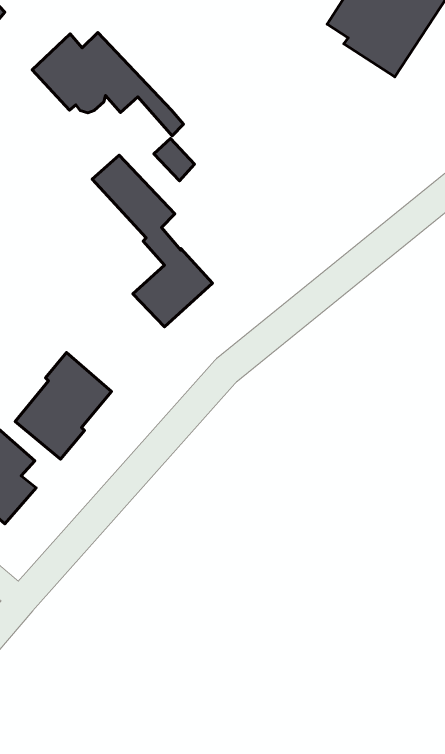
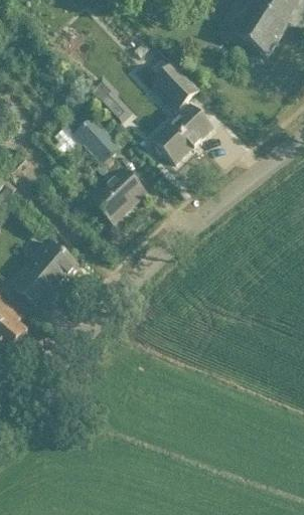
building: [32,32,183,136] -> none
building: none -> [150,46,213,162]

